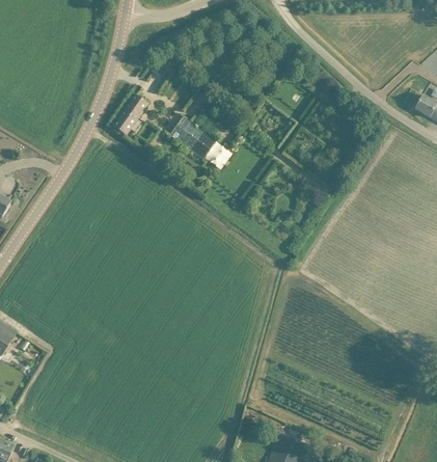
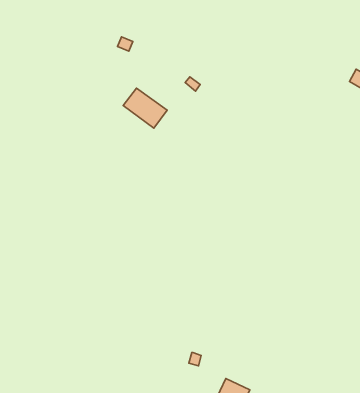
building: [110,93,147,136] -> none

